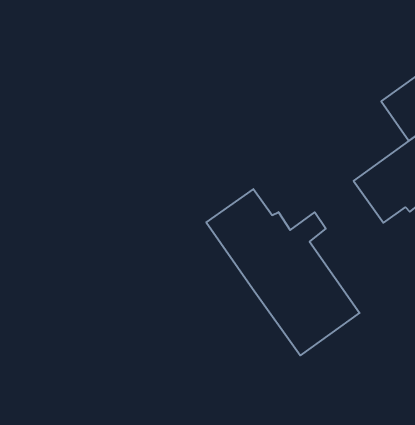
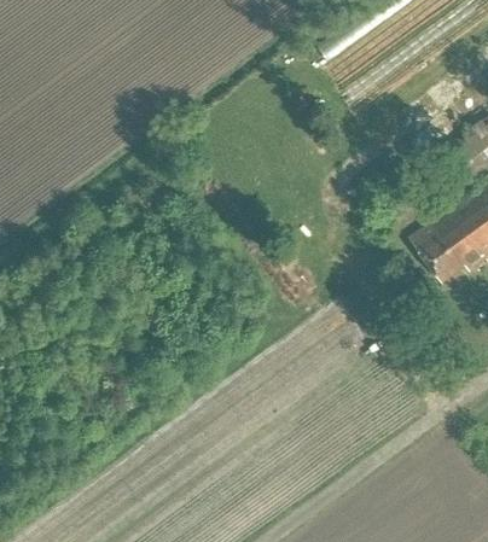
building: [206,189,360,355] -> none

